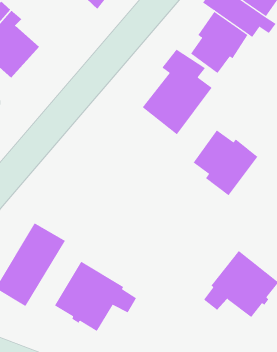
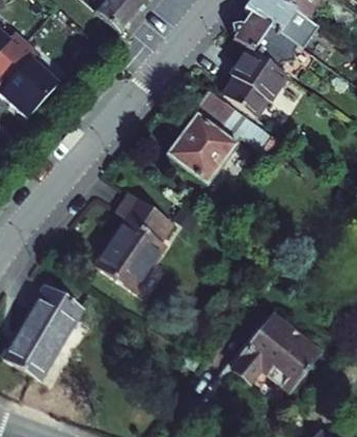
building: [193,130,258,196] -> none
building: none -> [99,186,176,285]
building: [54,261,137,332] -> none

